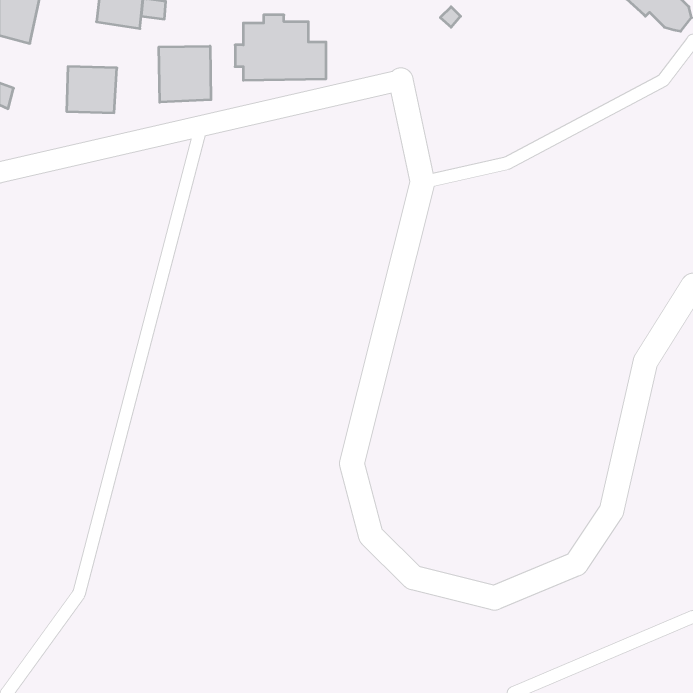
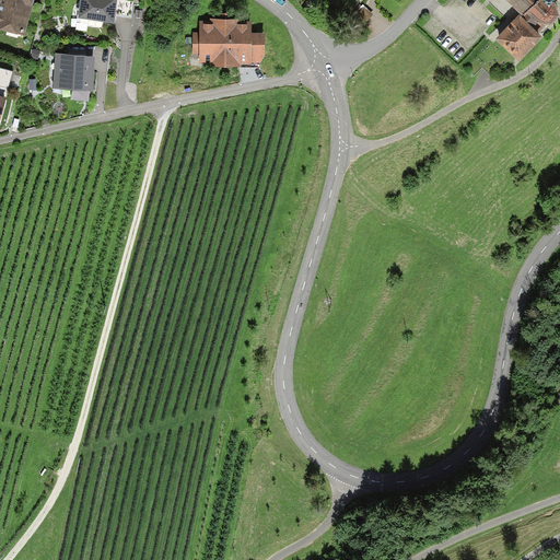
building: none -> [493,10,542,60]
building: [159,46,211,102] -> none

